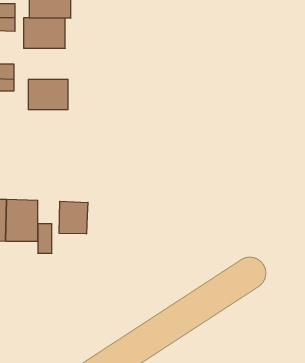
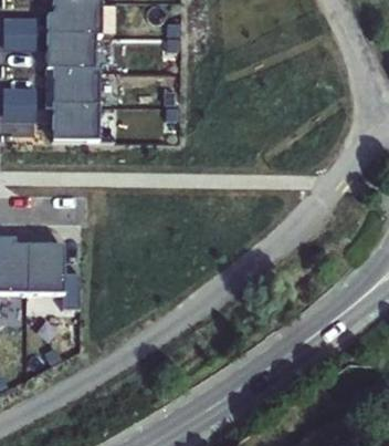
building: none -> [53,66,101,103]
building: [59,201,88,234] -> none

